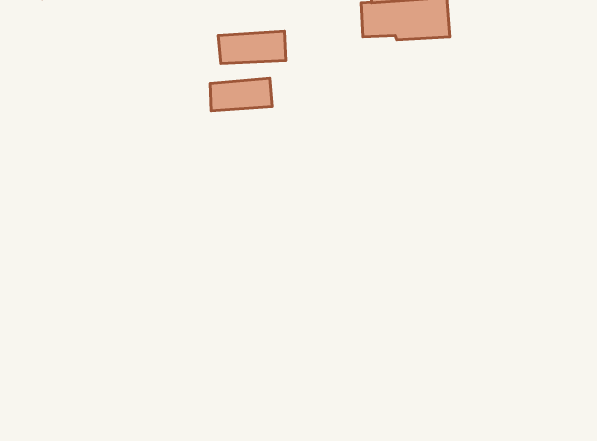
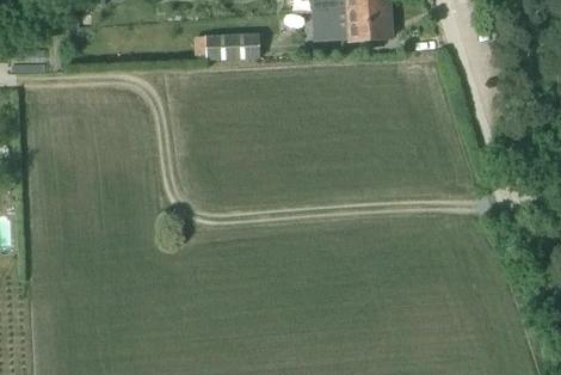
building: [210,78,272,111] -> none

